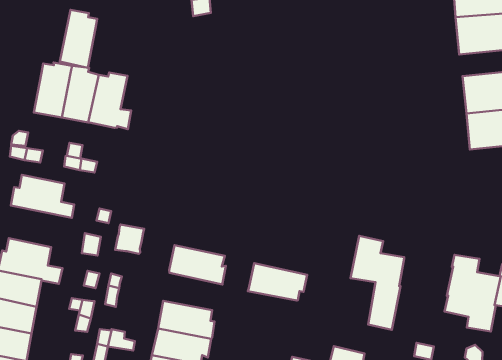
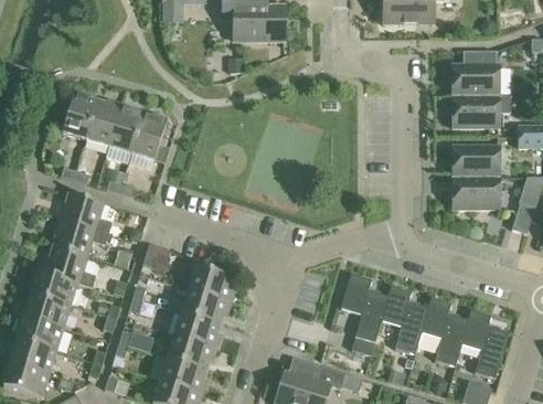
building: [60,10,97,68] -> [62,89,97,140]
building: none -> [52,217,108,256]
building: none -> [381,285,428,354]
building: [248,263,307,300] -> [179,288,231,323]

